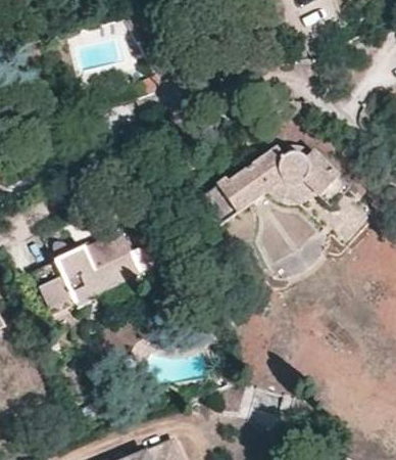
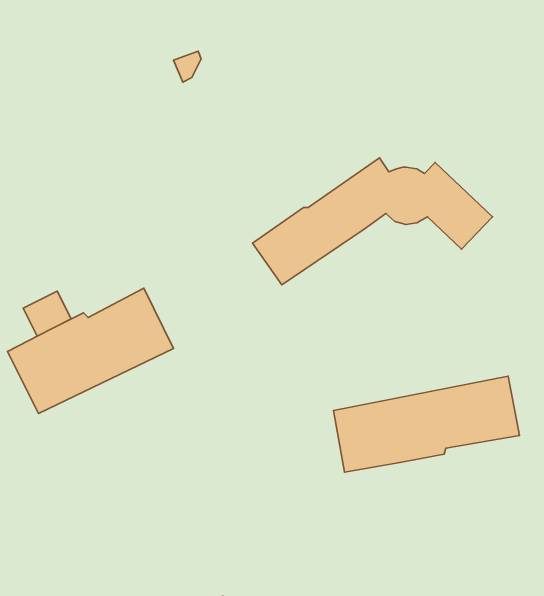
building: none -> [334,376,520,472]

